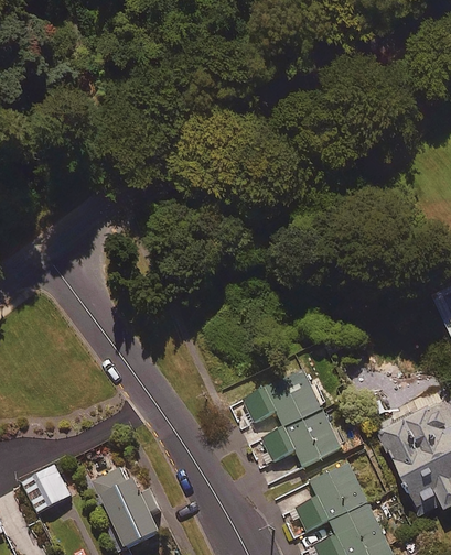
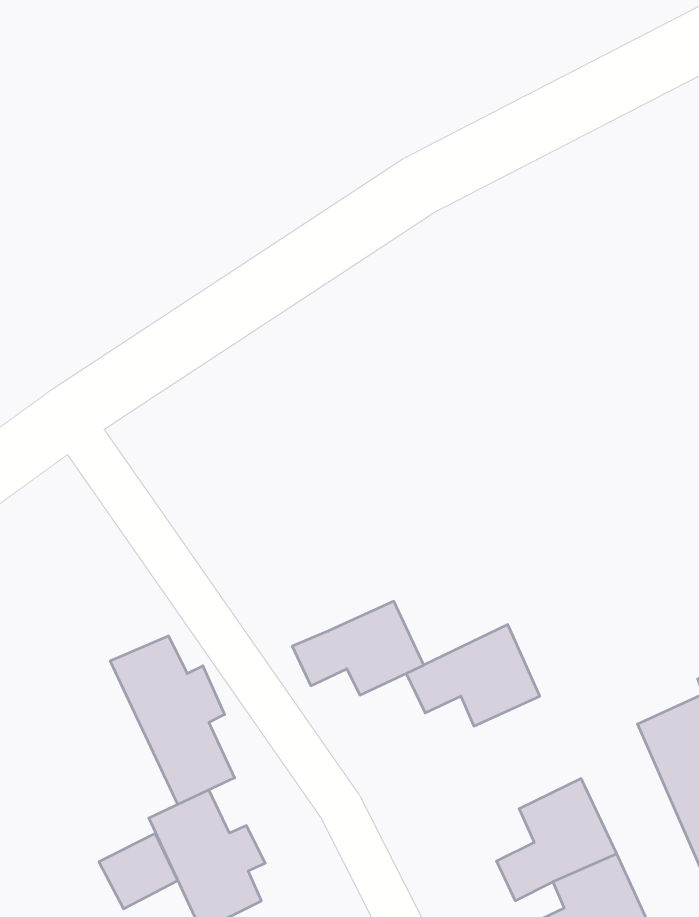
building: none -> [110,636,235,804]
building: [262,411,340,466] -> [292,601,424,695]
building: [23,468,69,512] -> [99,834,178,909]

